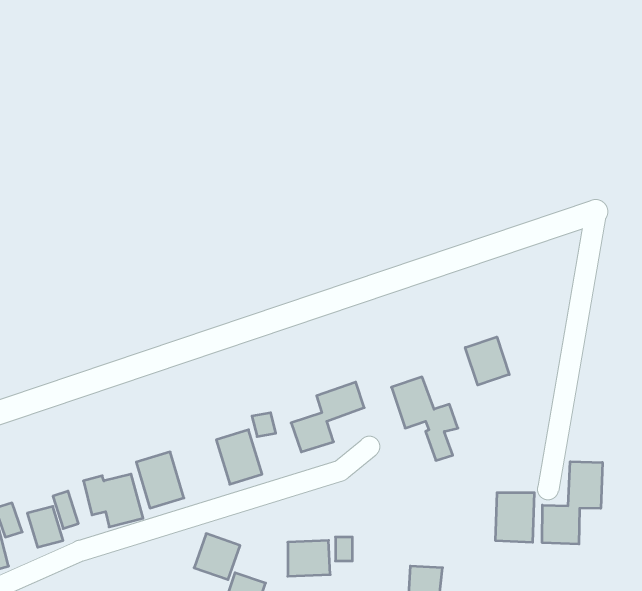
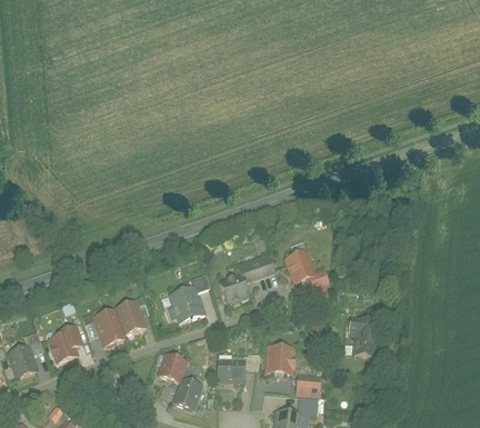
building: [465,337,509,385] -> none
building: [542,462,602,544] -> none
building: none -> [266,344,291,370]

